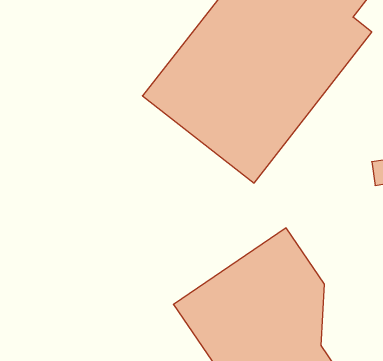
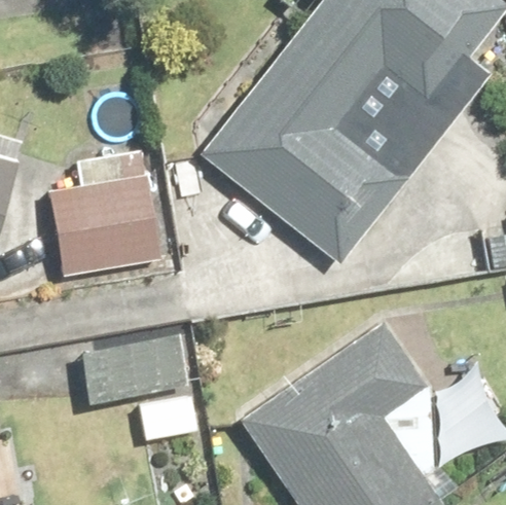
building: none -> [49,181,159,272]
building: none -> [83,333,196,439]

